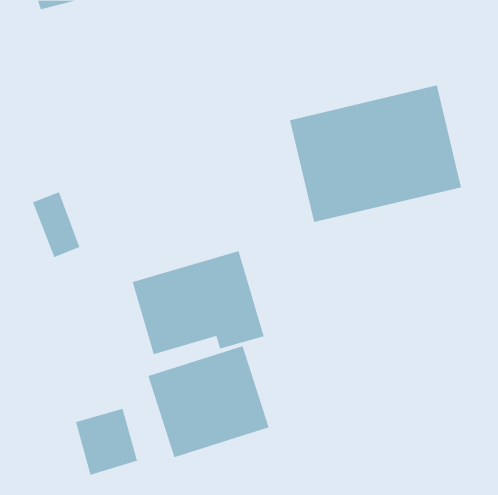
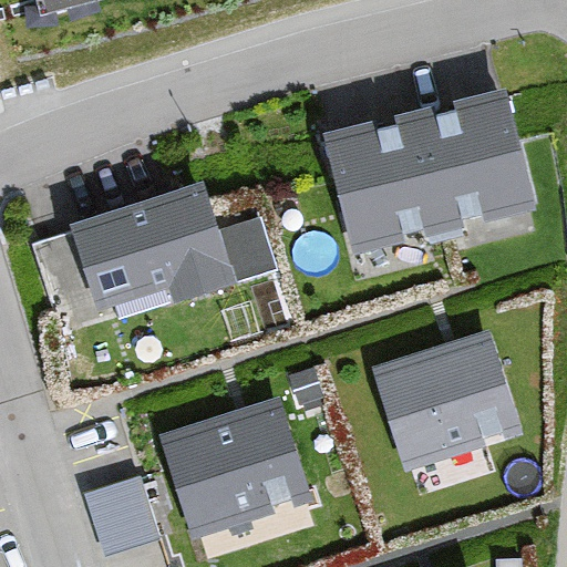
building: [132,251,265,355] -> [78,193,228,311]
building: none -> [380,330,516,458]

